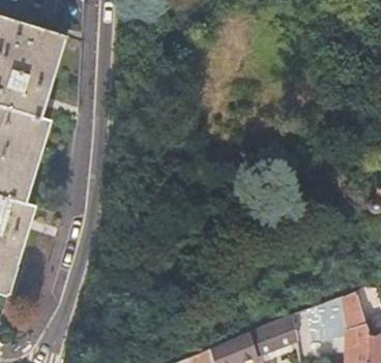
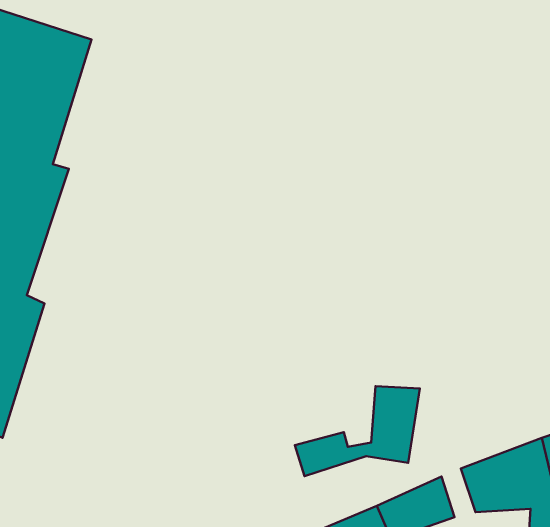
building: none -> [295,386,420,476]

